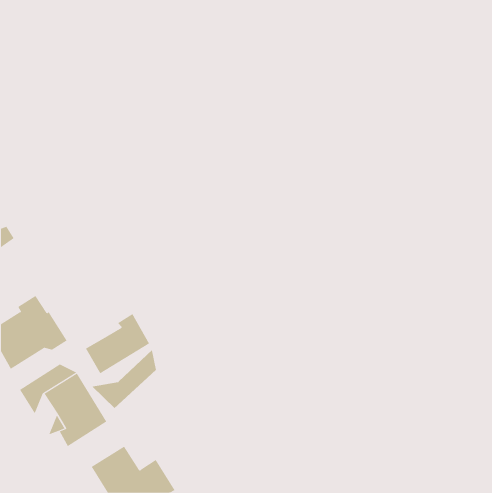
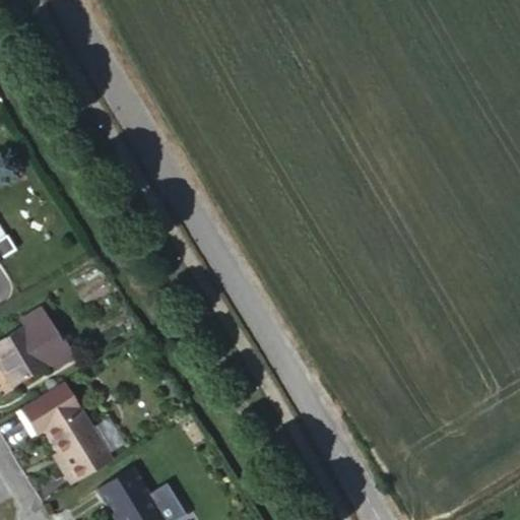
building: [85,313,150,374] -> none
building: [91,349,157,409] -> none

